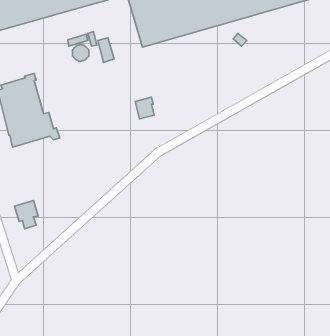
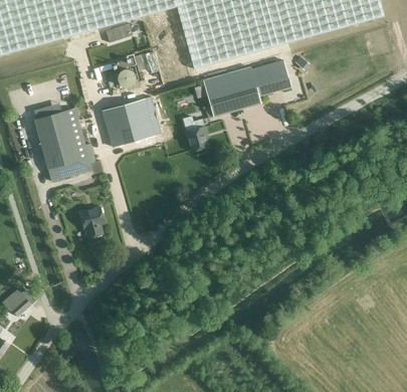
building: none -> [201,59,289,115]
building: none -> [99,95,160,146]
building: [14,201,38,229] -> [77,204,104,235]

